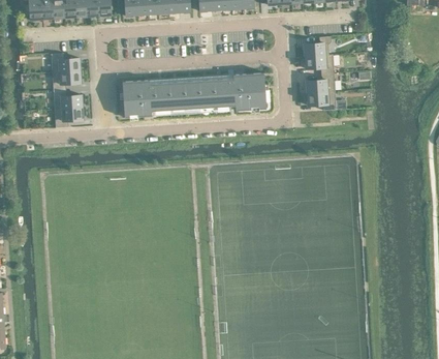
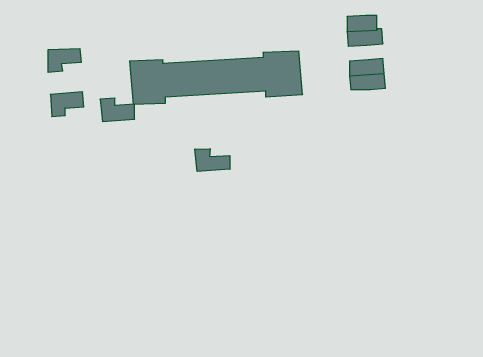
building: [54,54,82,72] -> none
building: [55,90,84,110] -> [100,98,135,122]
building: none -> [195,149,230,171]

